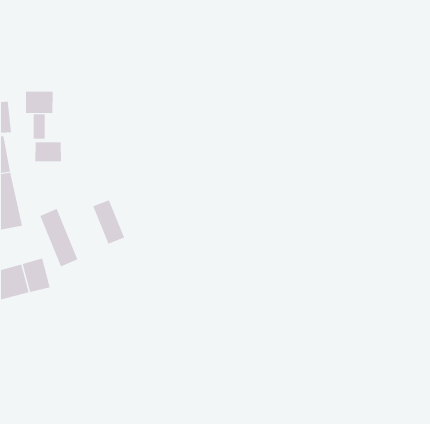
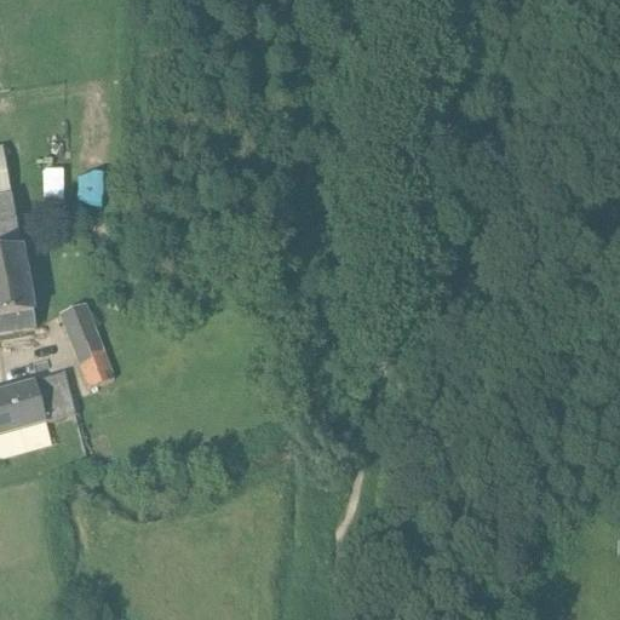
building: [26,91,53,114] -> none
building: [35,142,61,162] -> none
building: [92,199,125,245] -> none

